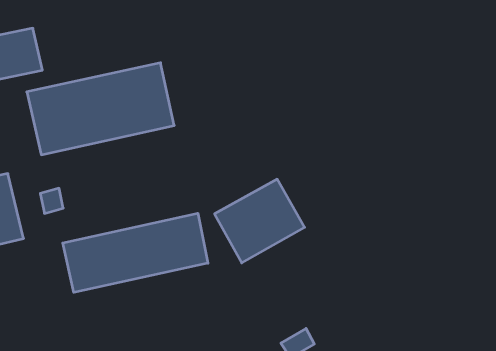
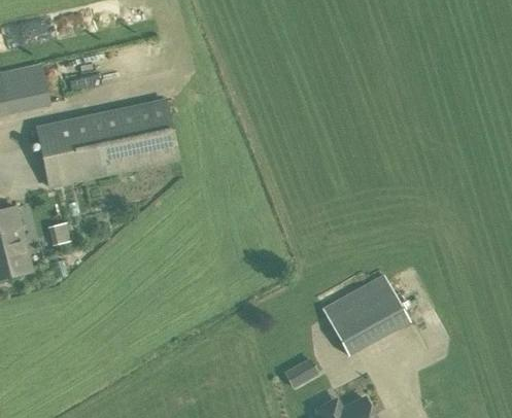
building: [215,179,305,263] -> [321,274,410,356]
building: [63,213,208,292] -> none

